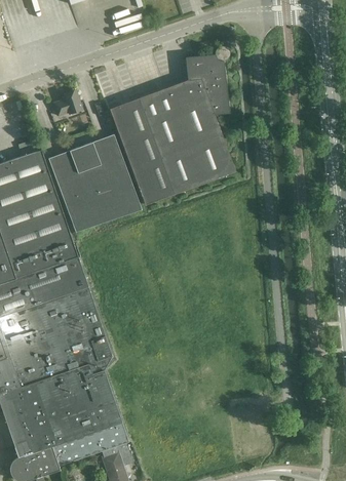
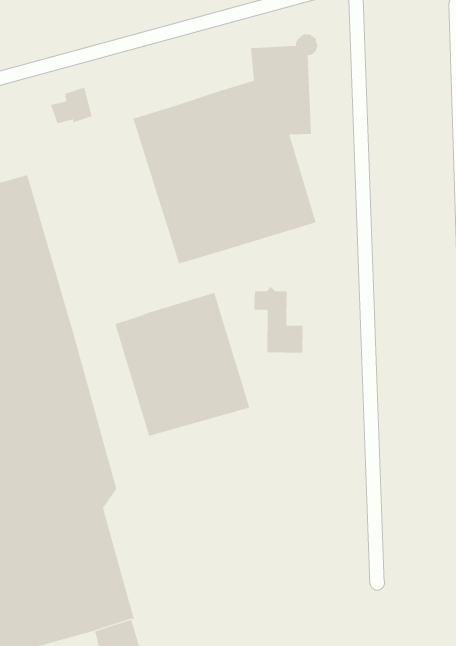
building: [48,133,142,232] -> [115,292,250,436]
building: none -> [254,286,303,354]

